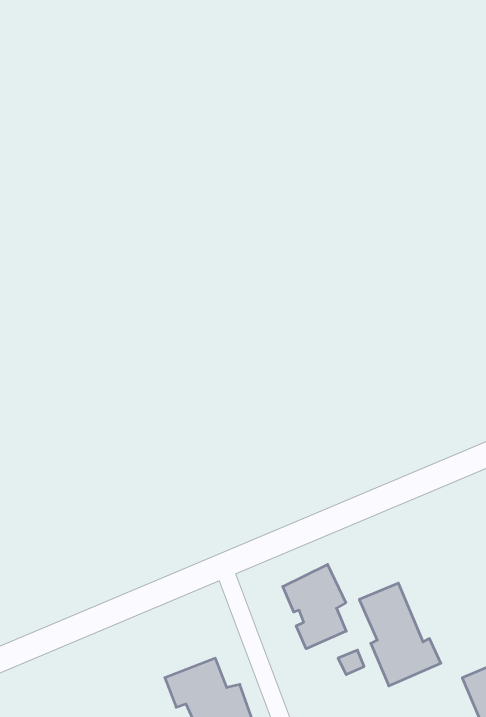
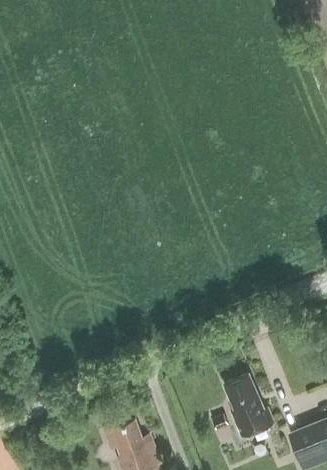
building: [283,564,346,649] -> none

